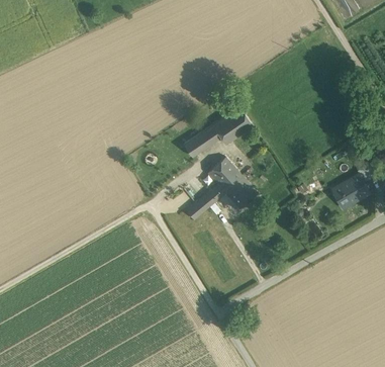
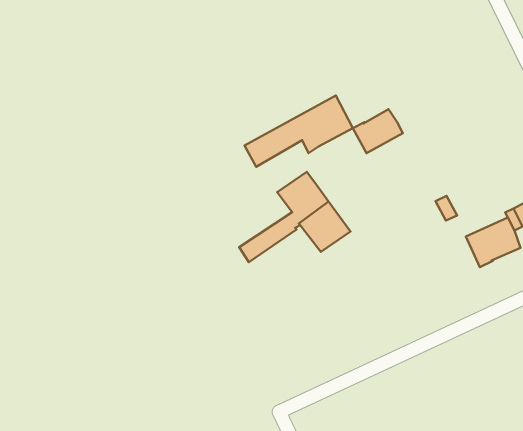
building: none -> [353,109,403,153]

